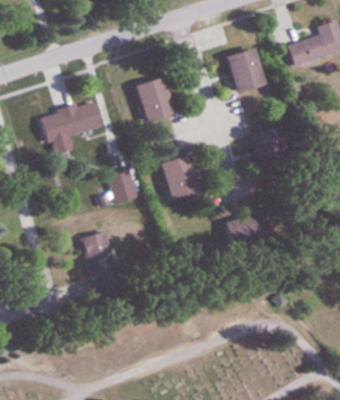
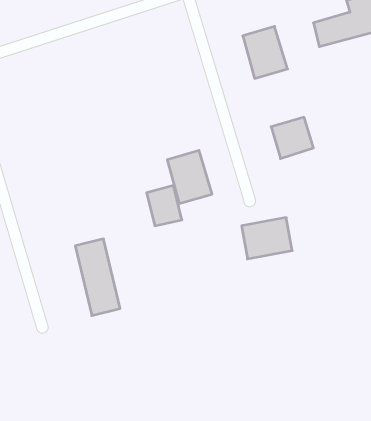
building: [135,76,175,122] -> none
building: [41,101,101,156] -> none
building: [107,169,137,204] -> [147,186,182,226]

